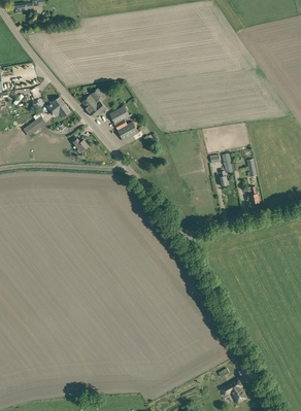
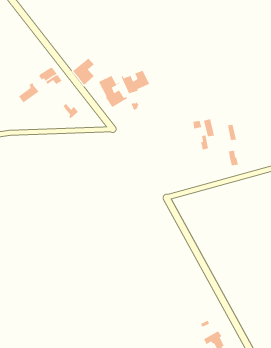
building: none -> [121,69,150,94]

